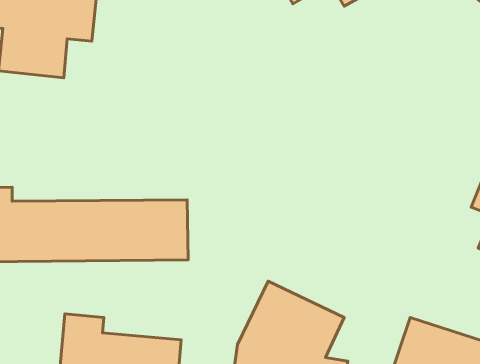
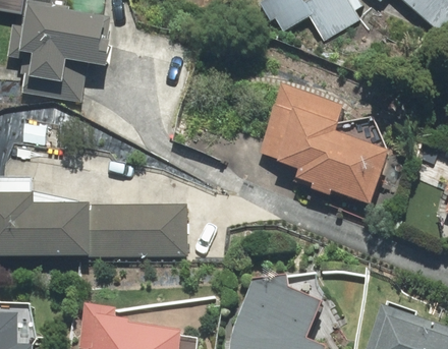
building: none -> [262,88,387,205]

